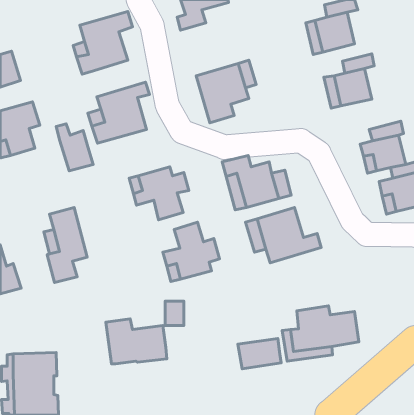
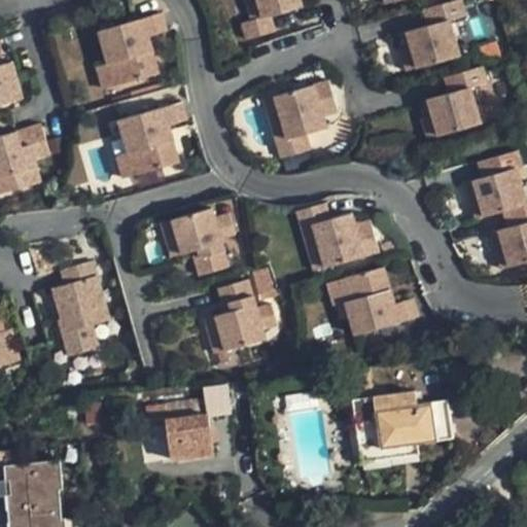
building: [56,124,93,171] -> none
building: [238,338,281,369] -> none

